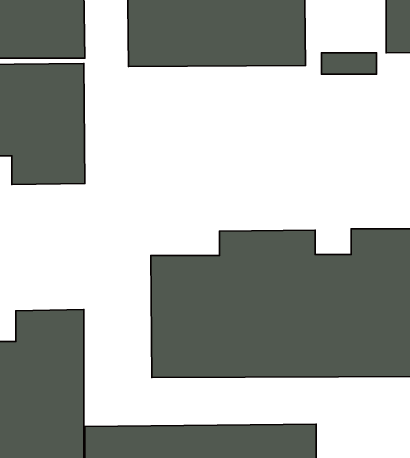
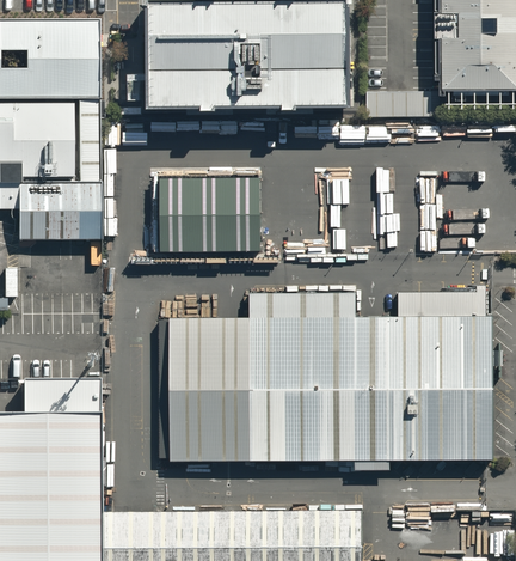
building: none -> [148,167,262,254]

